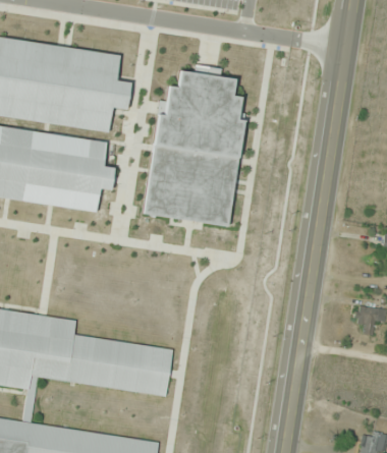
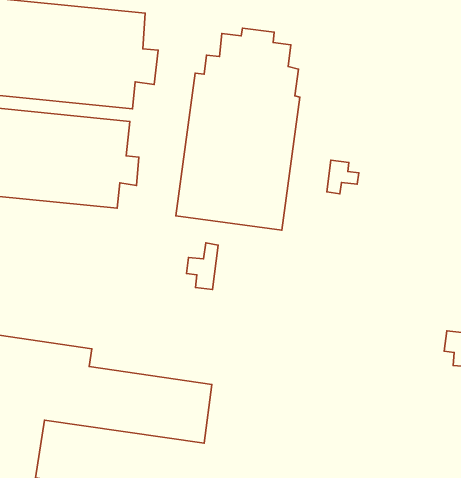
building: none -> [327,160,359,194]
building: none -> [186,243,218,289]

